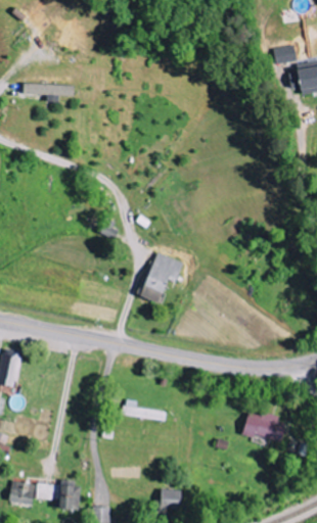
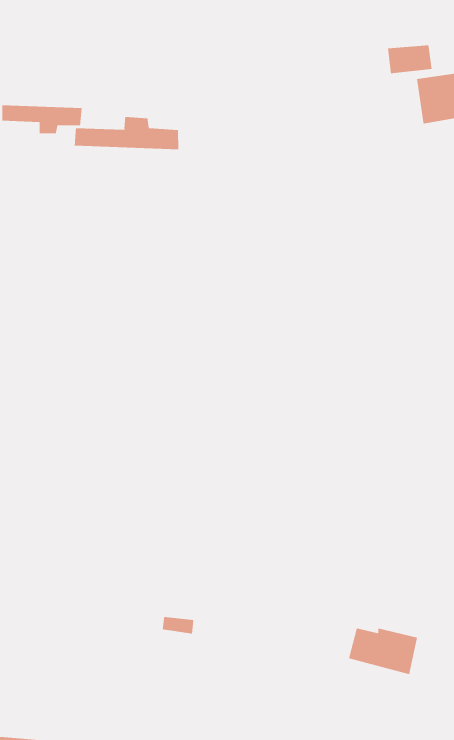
building: none -> [74,116,179,150]
building: [137,253,183,302] -> none

